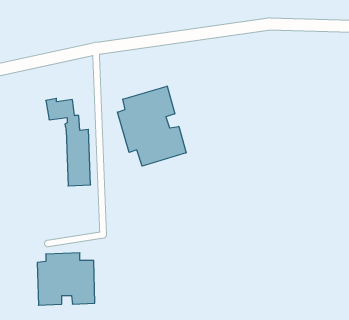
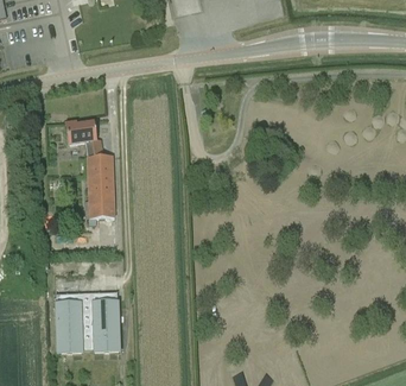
building: [117,86,186,166] -> none

